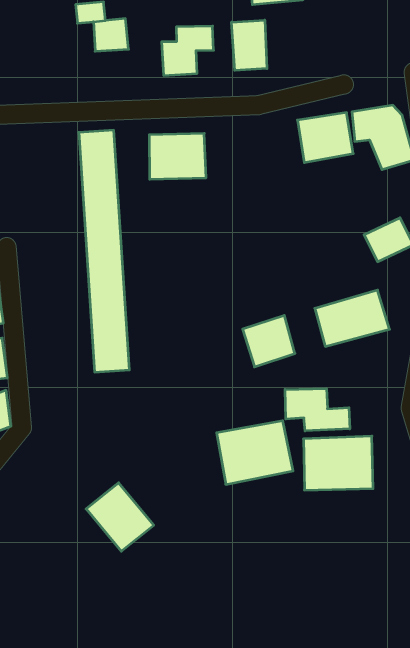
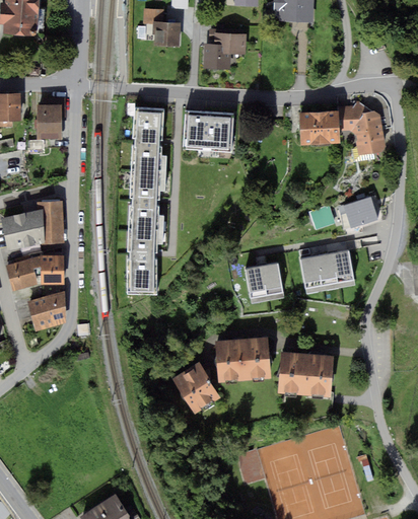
building: [232,20,267,70] -> none
building: [285,389,350,431] -> none
building: [86,483,154,551] -> [172,362,222,414]

